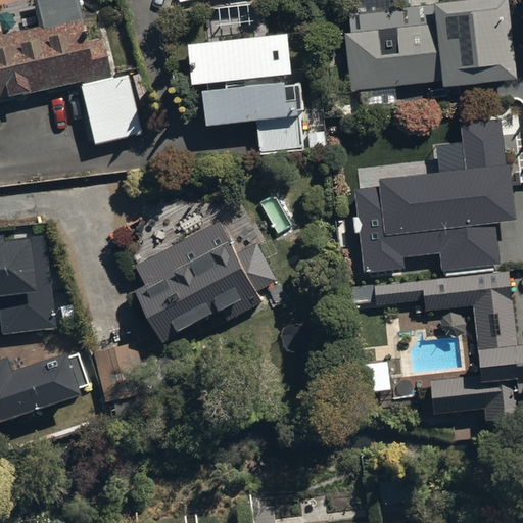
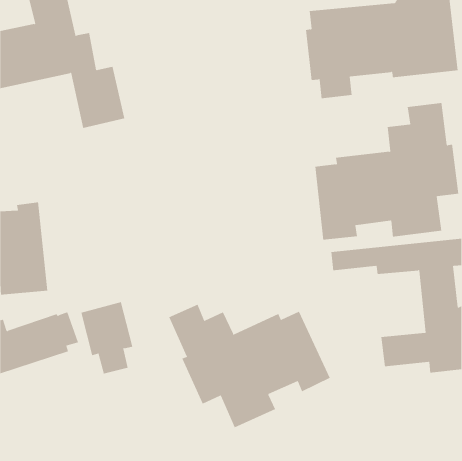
building: [186,34,303,151] -> none
building: [135,241,280,343] -> none
building: none -> [169,304,331,428]

